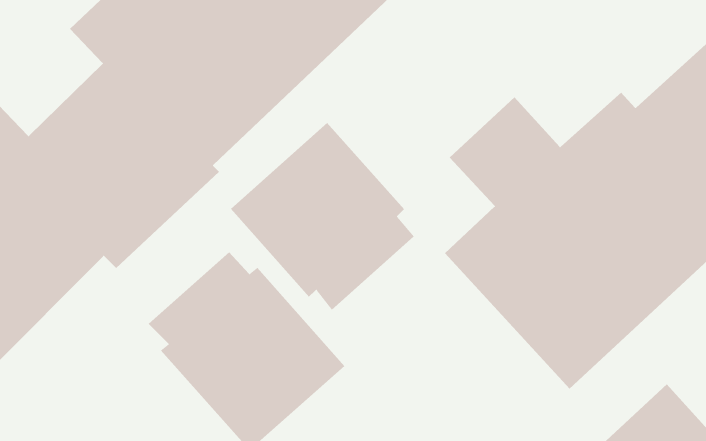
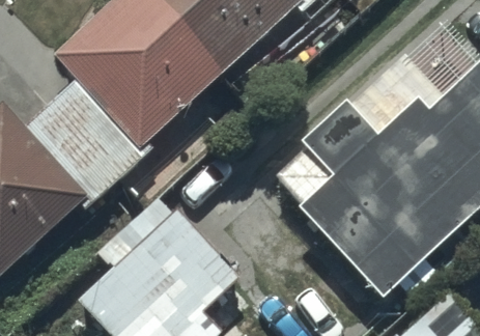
building: [230,122,415,311] -> none

